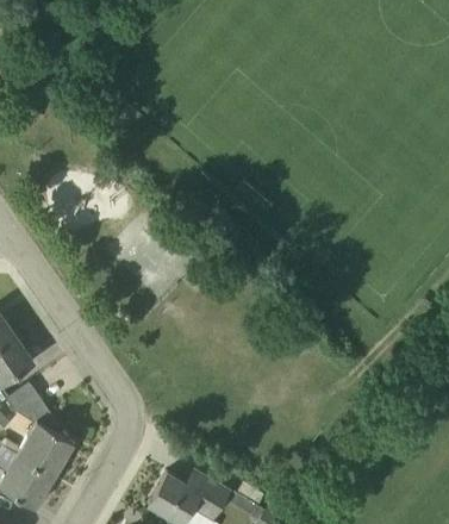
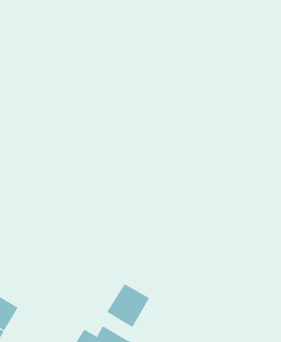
building: none -> [107,284,150,328]

